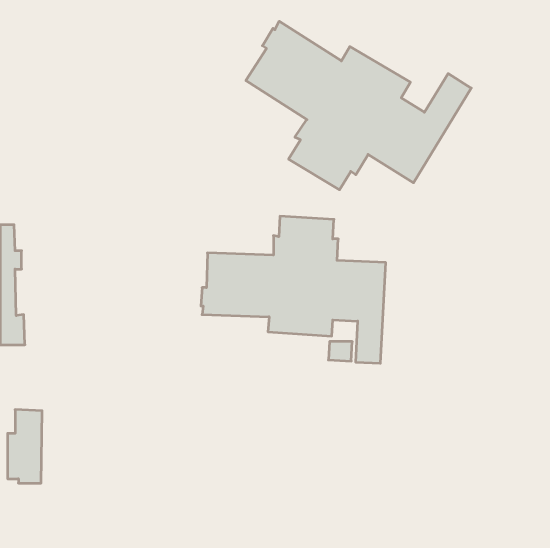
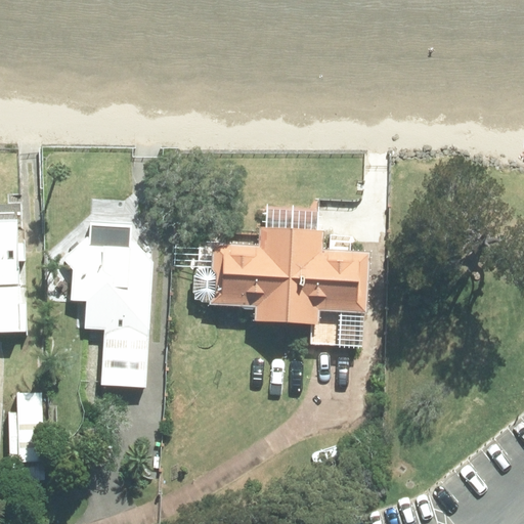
building: [246,21,471,190] -> none
building: none -> [64,224,150,388]

